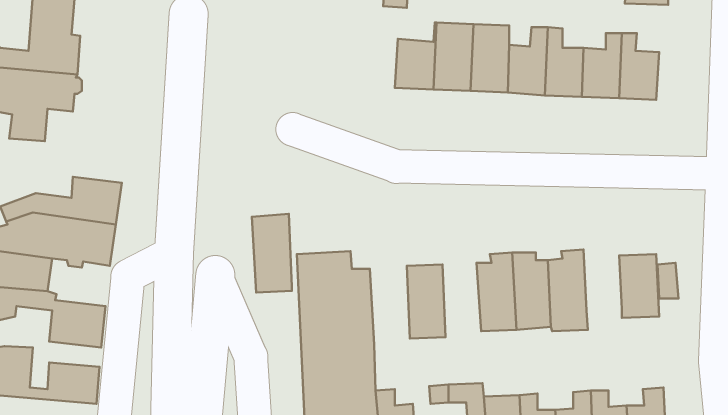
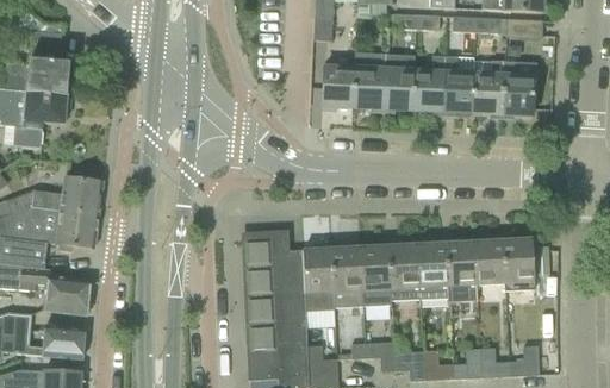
building: [252,214,292,292] -> [301,248,334,311]
building: none -> [473,233,504,283]
building: none -> [360,245,391,305]

